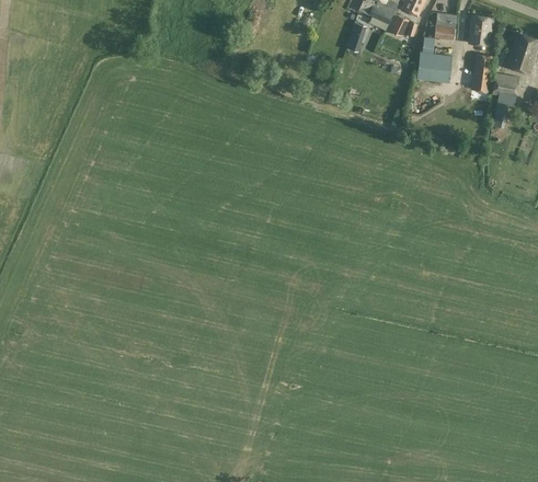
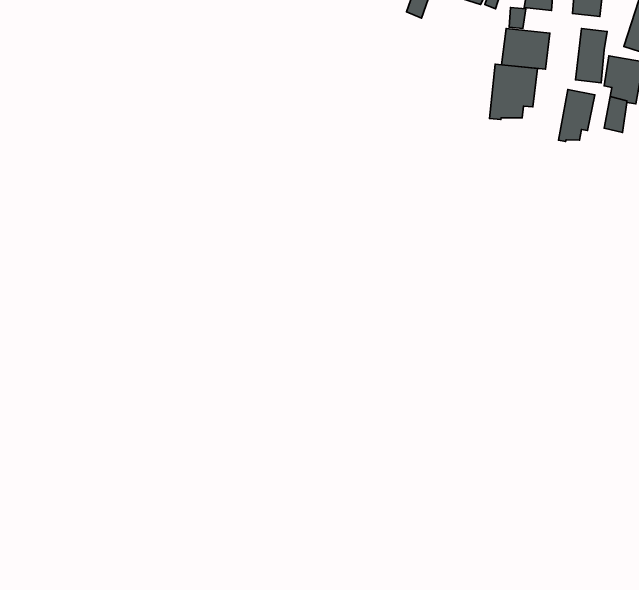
building: none -> [490,64,538,120]
building: none -> [558,90,595,141]

